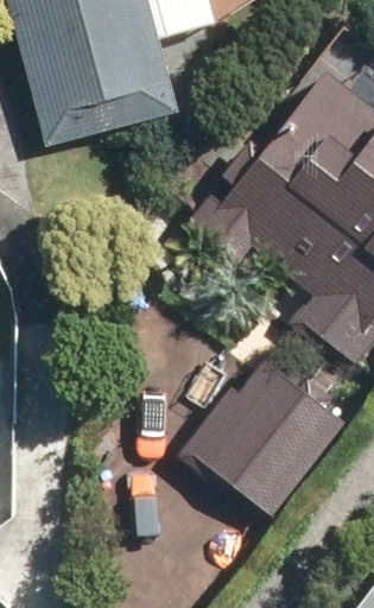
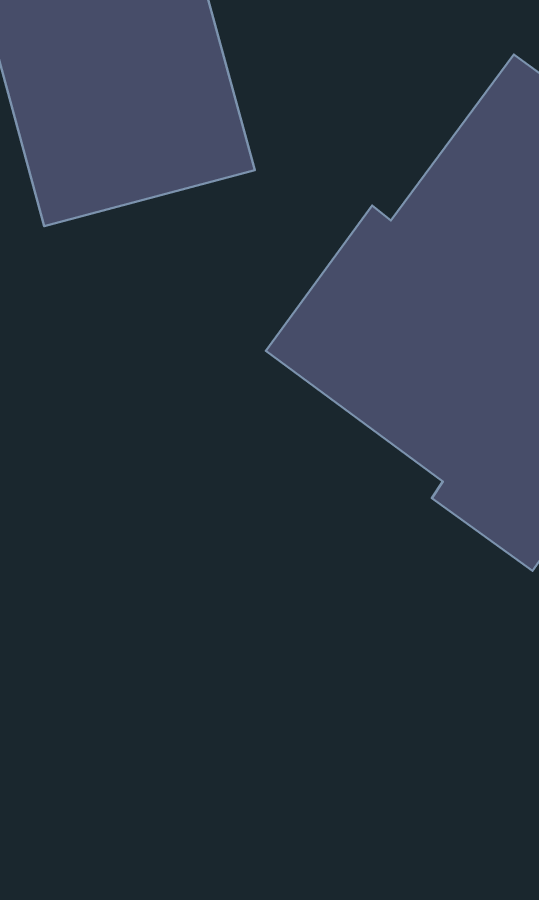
building: [178,353,348,526] -> none

